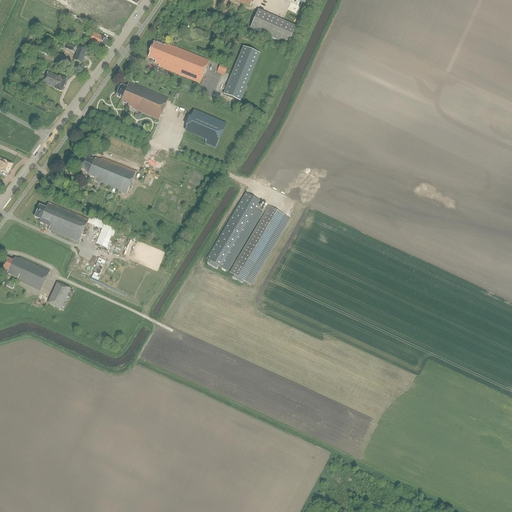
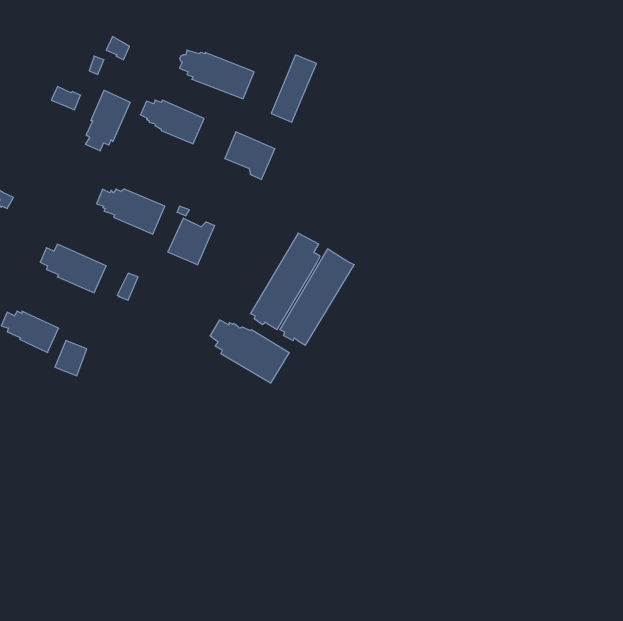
building: [249,8,295,44] -> none
building: none -> [86,90,130,151]
building: none -> [168,218,215,265]
building: none -> [210,320,289,383]

